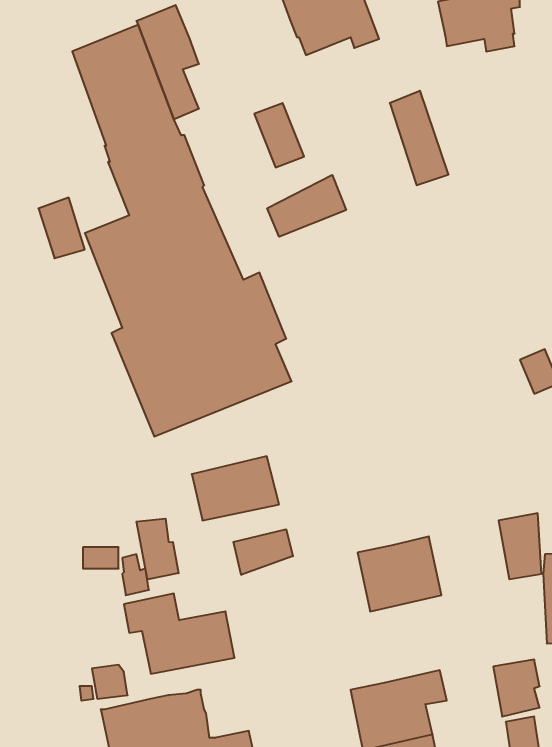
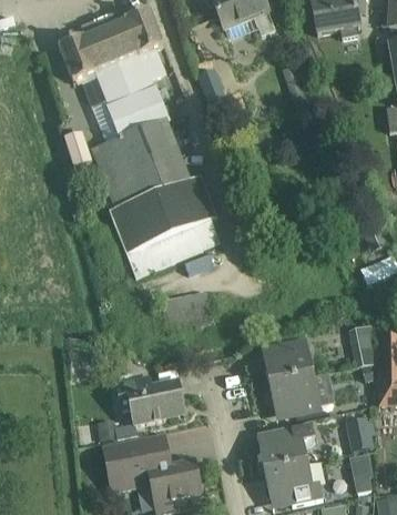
building: none -> [58,34,104,102]
building: [267,175,346,237] -> none
building: [136,519,179,579] -> none
building: [233,529,293,575] -> none
building: none -> [268,375,320,420]

